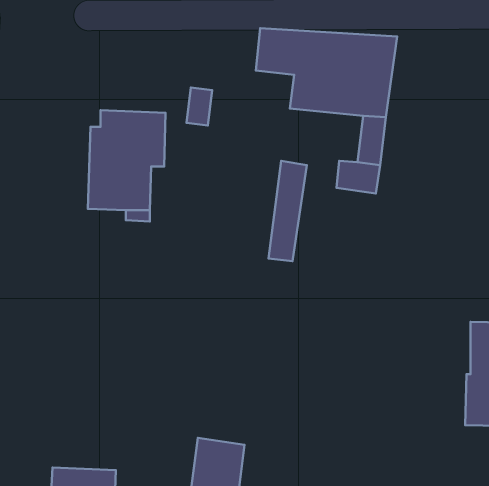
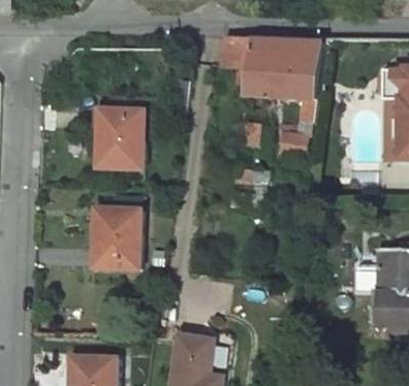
building: none -> [93,206,139,266]

